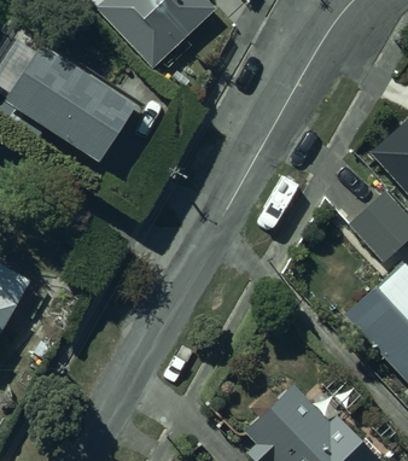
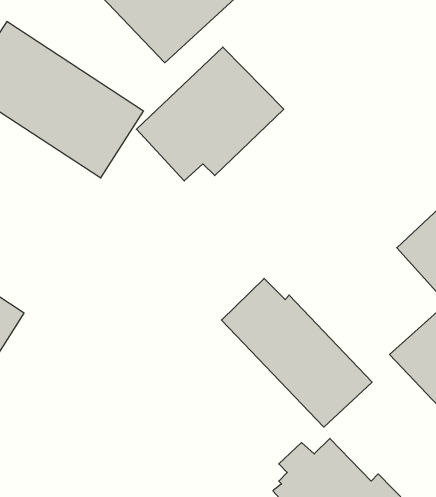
building: none -> [136,47,284,181]
building: none -> [221,278,372,427]

